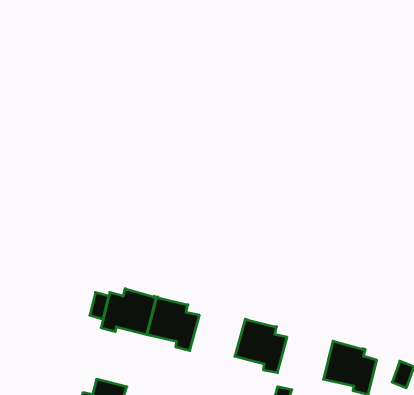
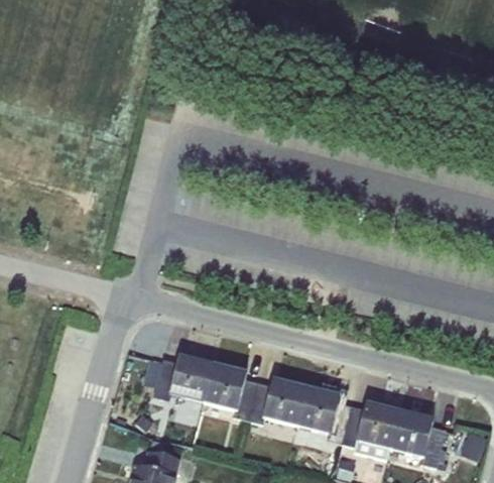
building: none -> [249,378,307,426]
building: none -> [342,401,400,459]

